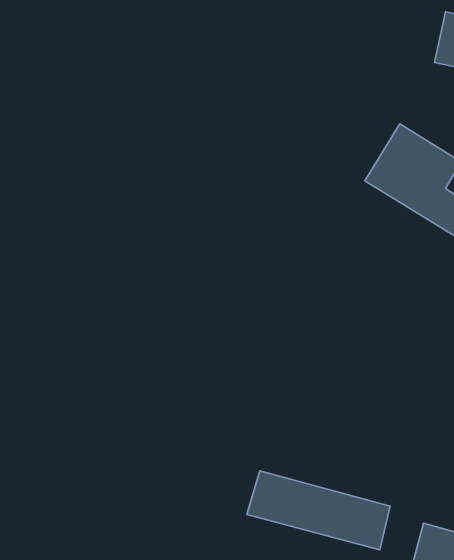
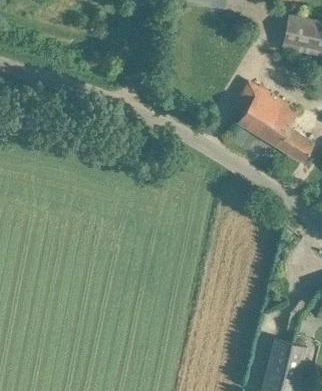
building: [247,471,390,550] -> none

